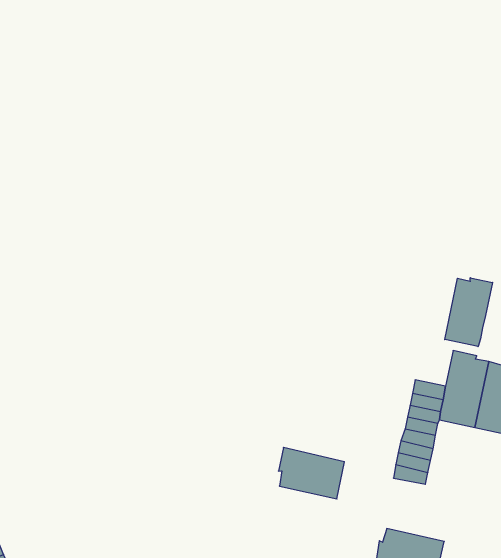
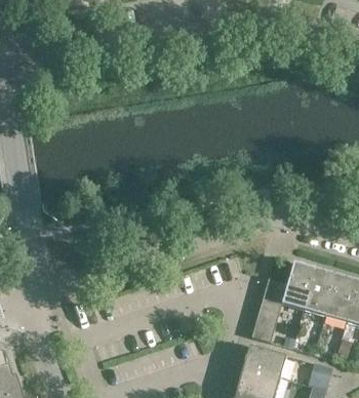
building: [445,278,493,347] -> none
building: [278,447,344,499] -> [244,343,285,376]

